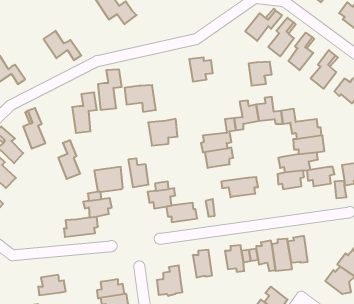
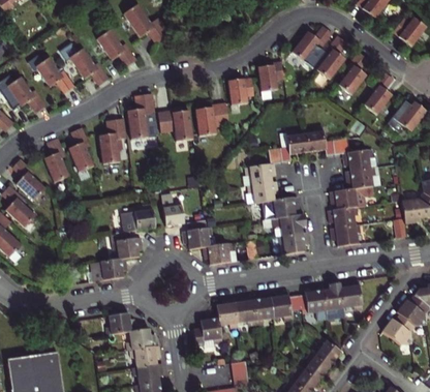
building: none -> [93,31,135,64]
building: none -> [31,58,74,90]
building: [249,62,272,86] -> [260,64,286,91]
building: [148,119,178,146] -> [194,104,227,134]
building: [58,140,80,179] -> [68,127,93,171]
building: none -> [255,197,301,220]
building: [307,167,335,186] -> [331,224,362,246]
building: none -> [278,232,310,254]
building: none -> [251,294,273,325]
building: none -> [216,298,239,336]
building: [38,275,66,295] -> [105,312,136,335]

